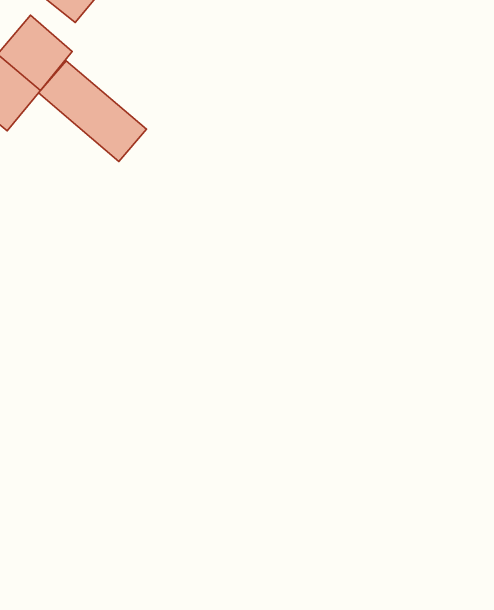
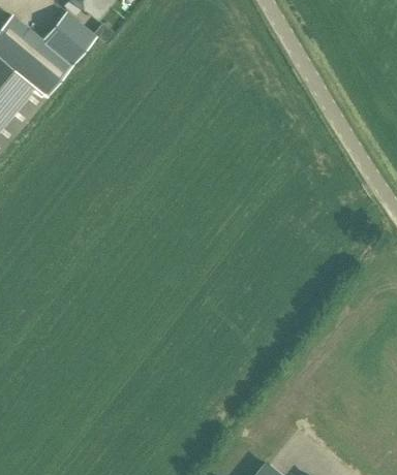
building: [38,61,147,161] -> none

